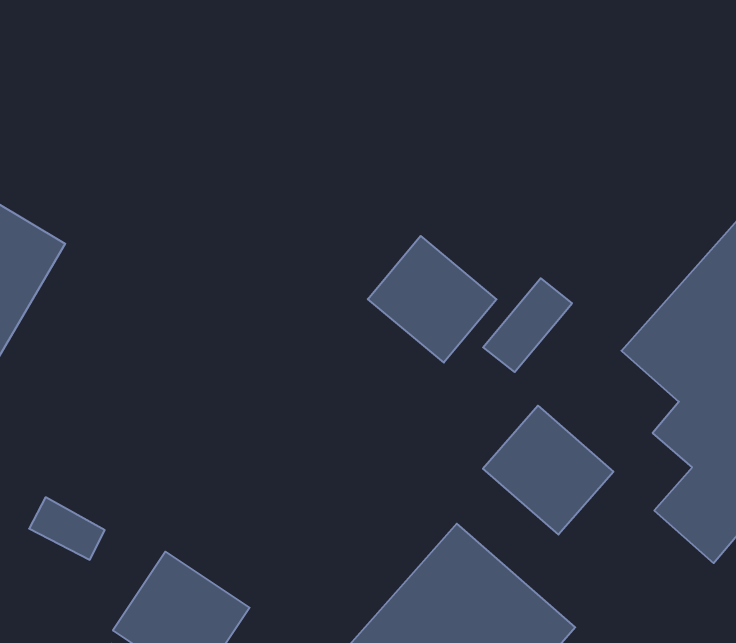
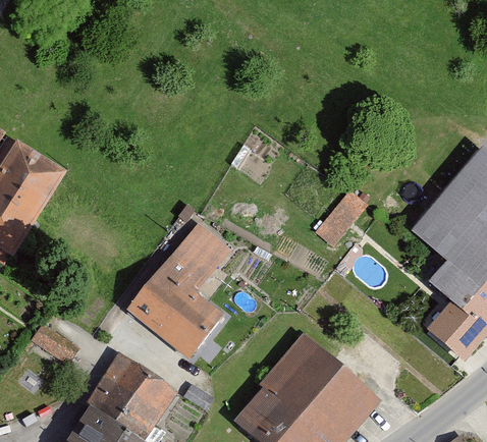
building: [368,236,497,363] -> none
building: none -> [126,218,238,356]
building: [483,406,613,535] -> none

